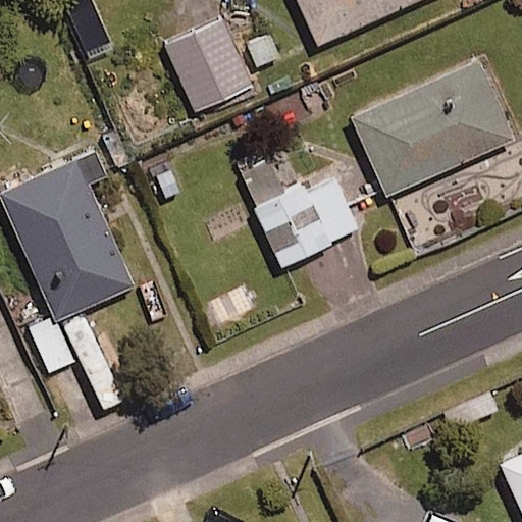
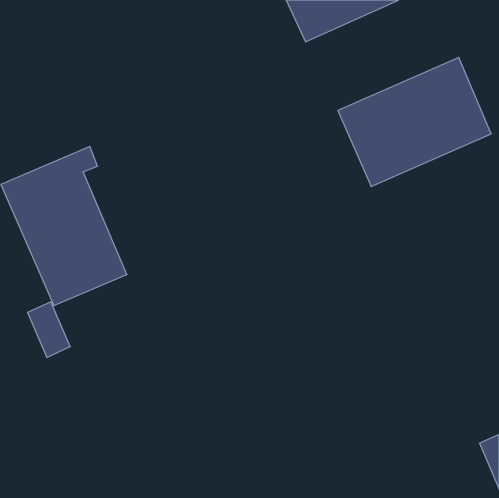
building: [164,19,256,112] -> none
building: [233,150,359,266] -> none

